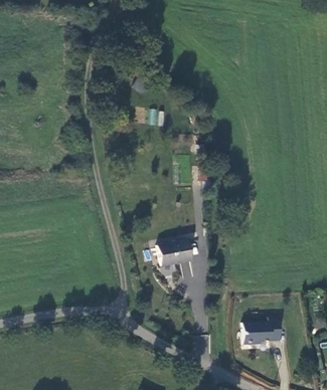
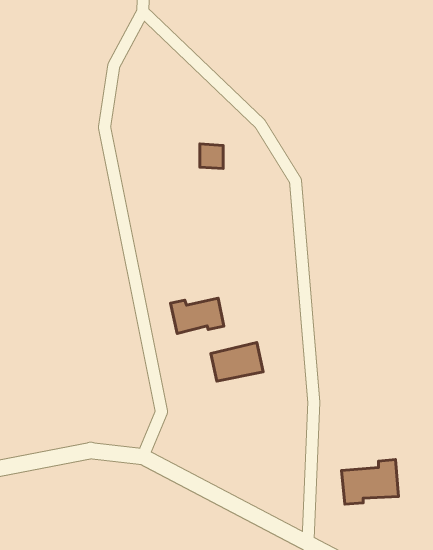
building: none -> [170,298,224,334]

